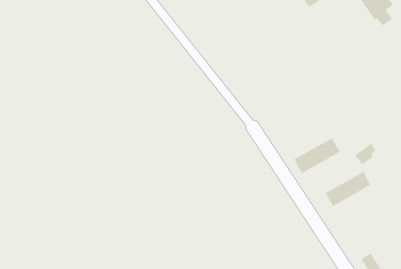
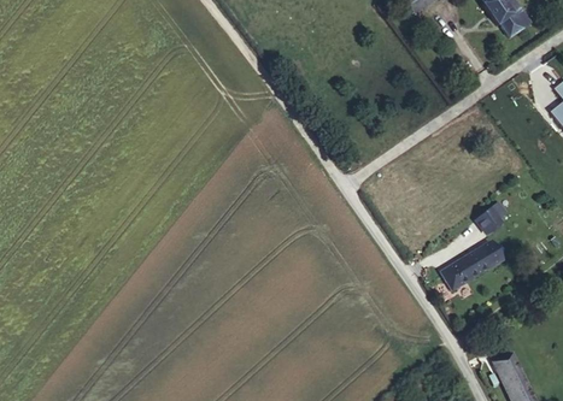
building: [293,138,341,174] -> none

